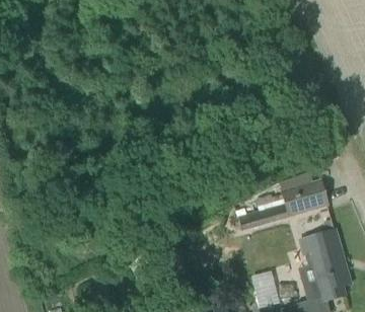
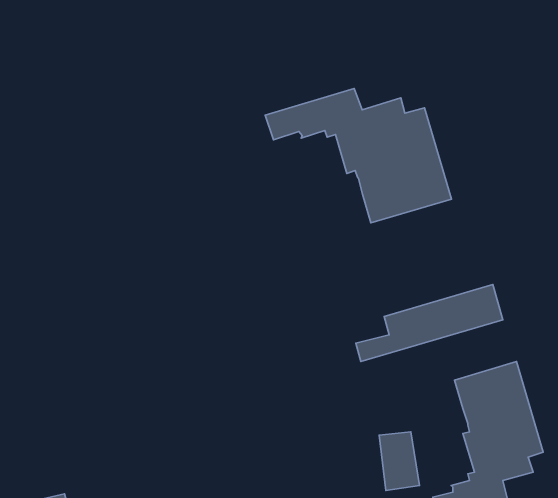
building: none -> [265,89,451,223]

